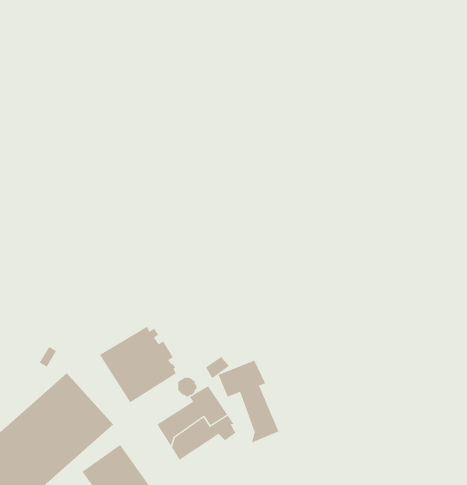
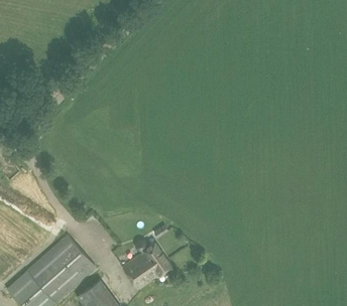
building: [99,326,177,403] -> none
building: [218,360,279,444] -> none

